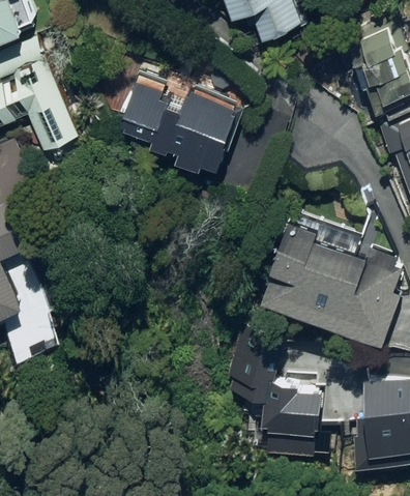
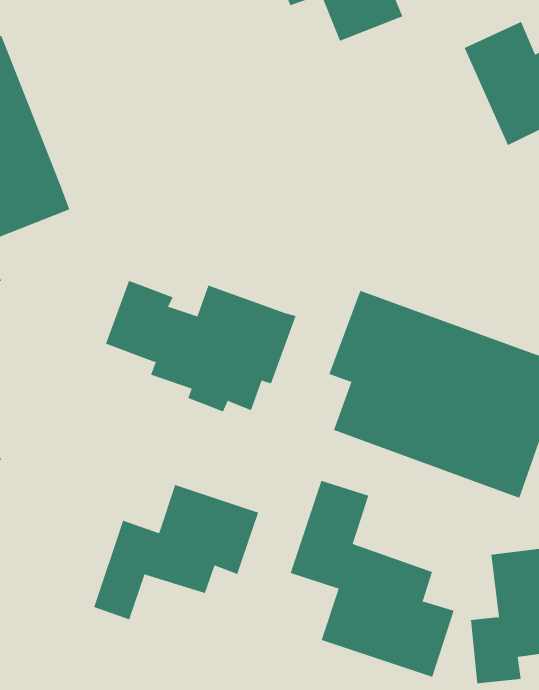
building: [119,83,246,171] -> [105,280,297,412]
building: none -> [94,484,259,620]

